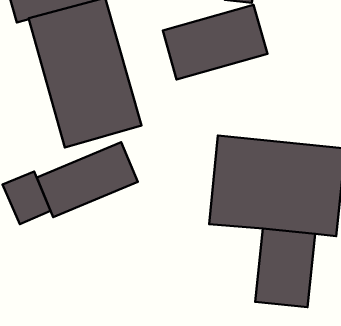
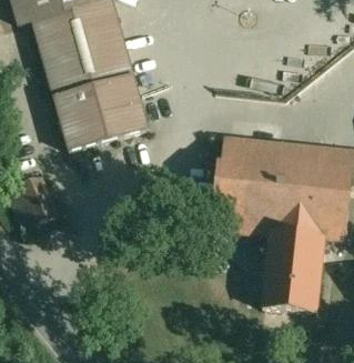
building: [163,5,267,79] -> none
building: [37,142,138,217] -> none

